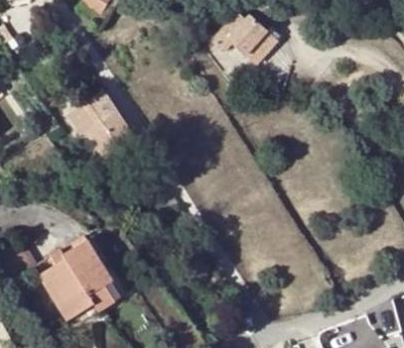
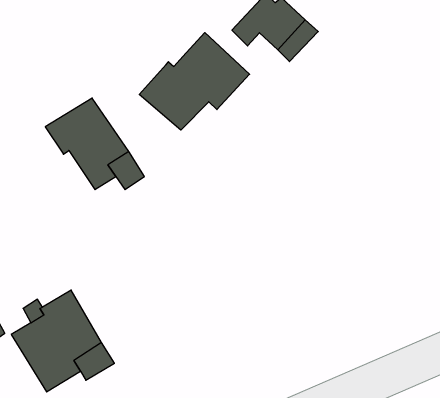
building: none -> [139,33,250,130]

